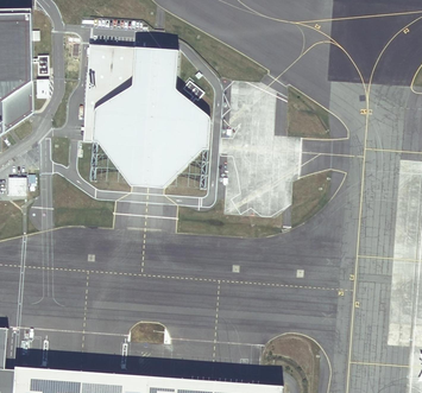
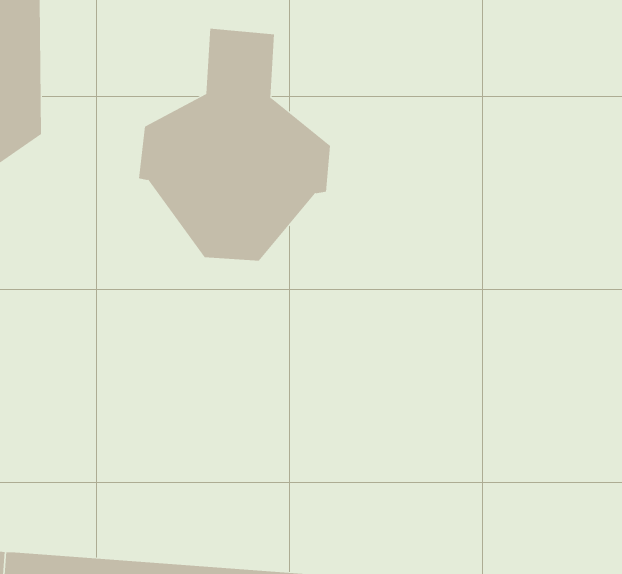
building: [77,43,136,141] -> none

